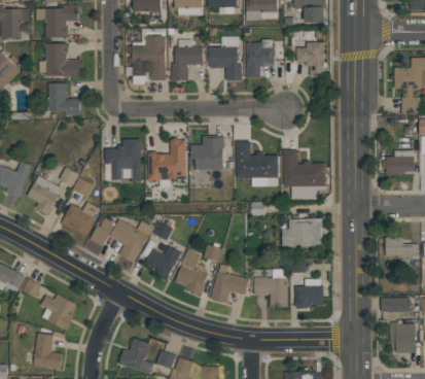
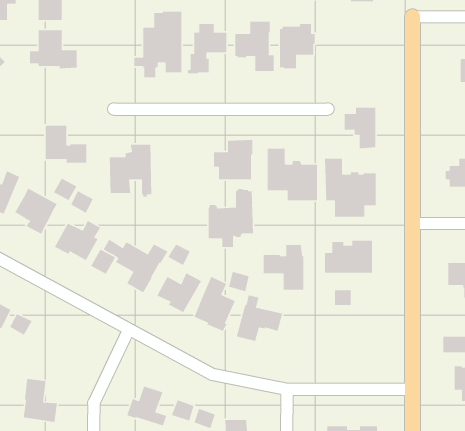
building: [297,42,324,77] -> [344,107,376,149]
building: [48,82,83,114] -> [45,125,87,164]
building: [148,138,186,187] -> [208,188,254,248]
building: [254,269,288,307] -> [263,244,304,290]
building: [295,279,324,307] -> none
building: [41,294,77,331] -> none

